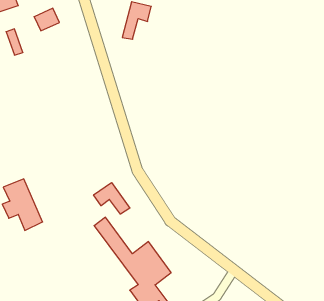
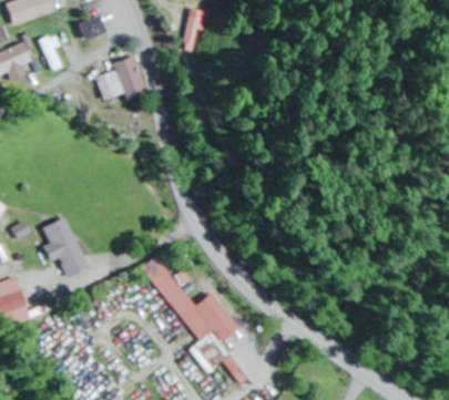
building: none -> [98,54,151,101]
building: [94,183,130,214] -> none

